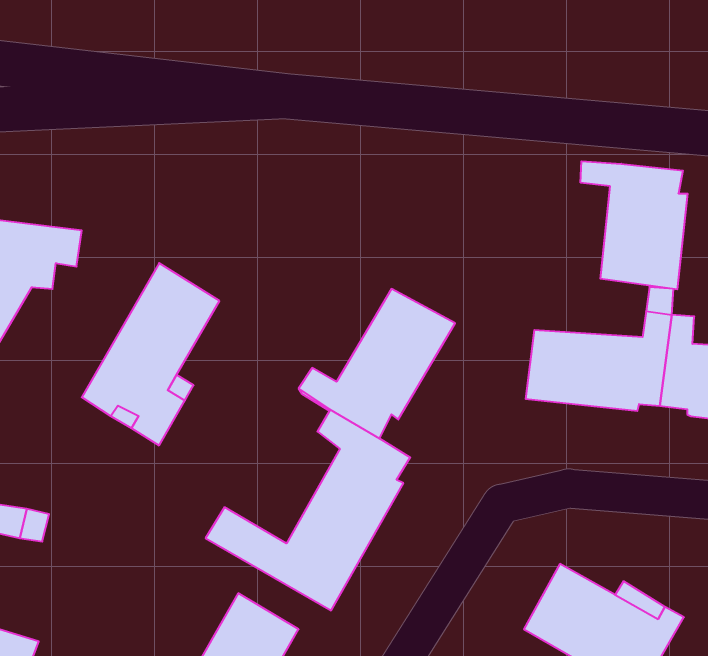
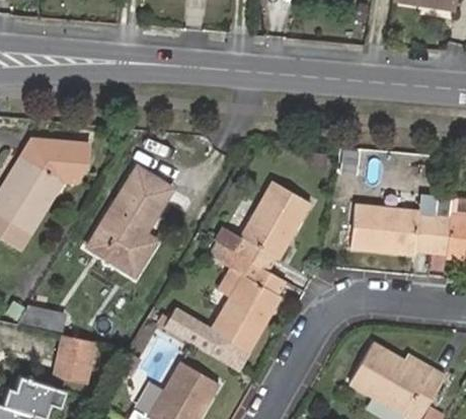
building: [581,161,688,289] -> none
building: none -> [53,335,93,382]

